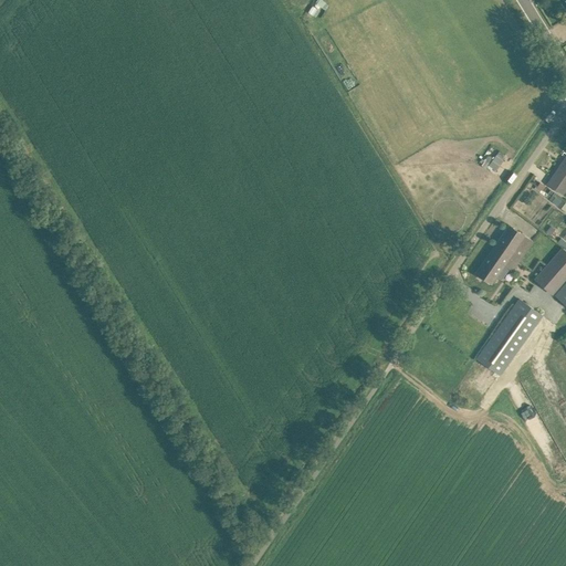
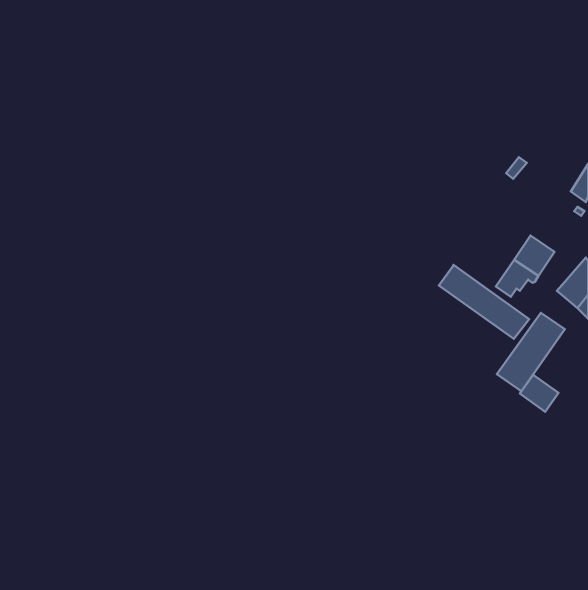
building: none -> [439,265,529,339]
building: none -> [520,375,559,412]

